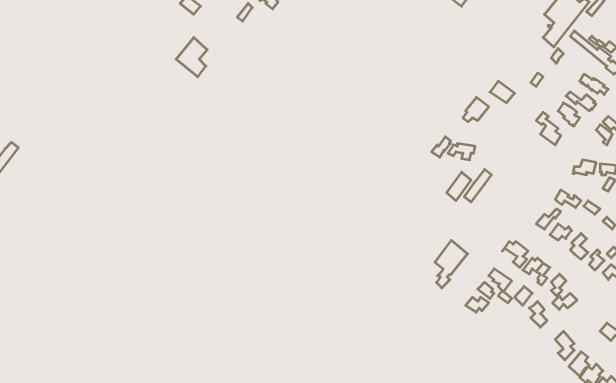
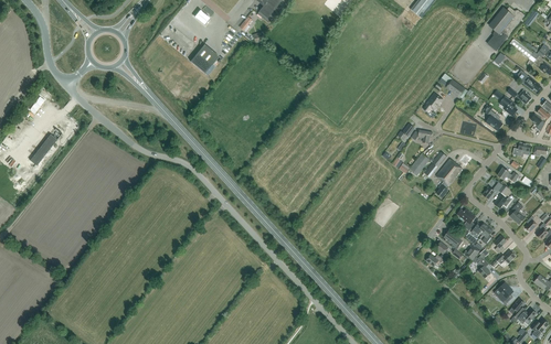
building: [435,240,468,288] -> [436,158,463,196]

